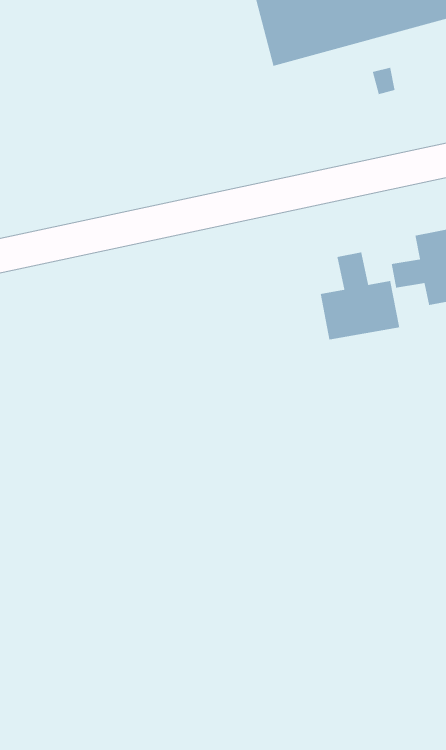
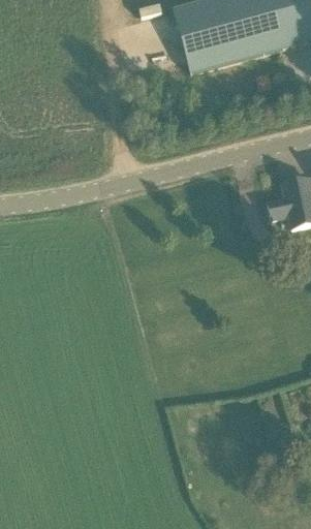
building: [320,251,400,341] -> none

